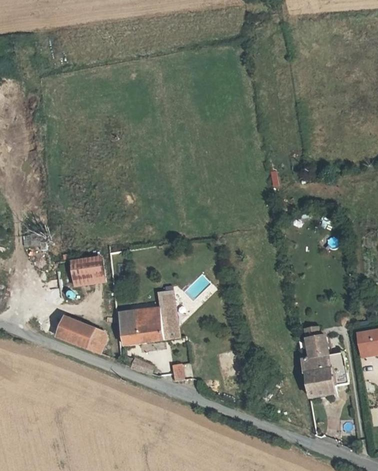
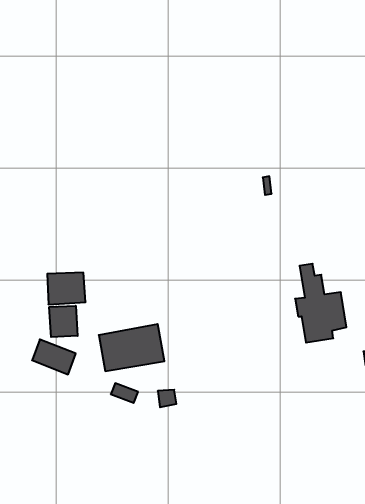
building: none -> [49,306,78,337]
building: [301,327,348,399] -> [295,264,346,343]

